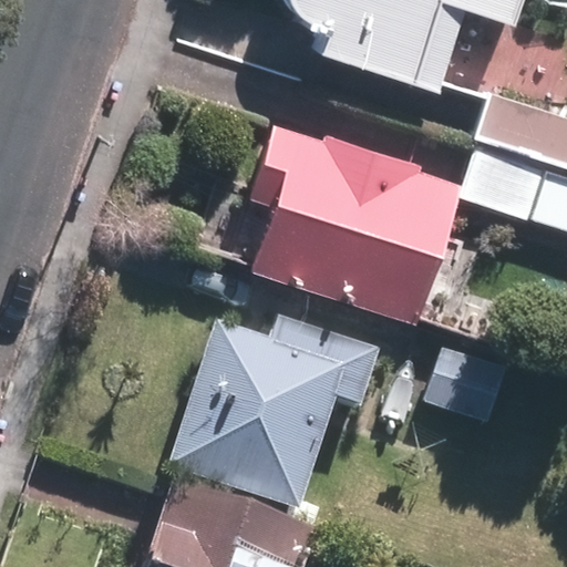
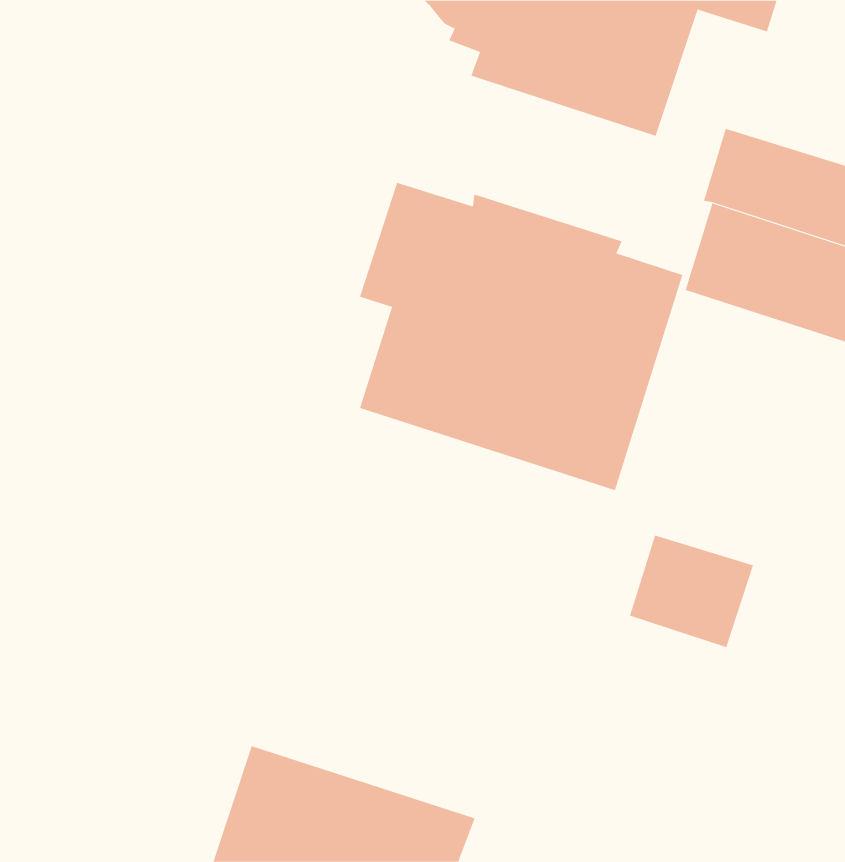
building: [166,321,381,514] -> none

